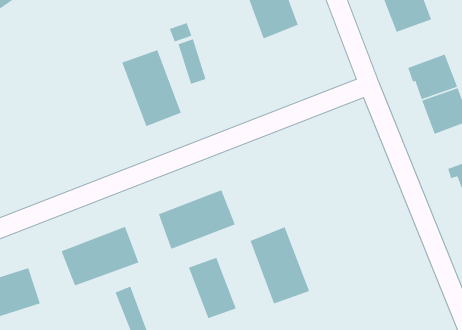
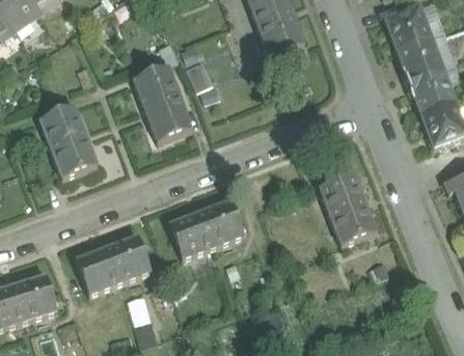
building: none -> [398,37,444,83]
building: none -> [40,105,98,176]
building: [250,226,310,304] -> [320,172,378,247]
building: [188,257,237,319] -> none

